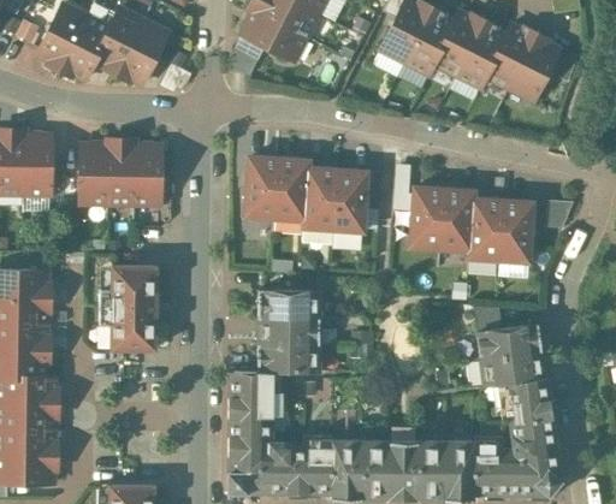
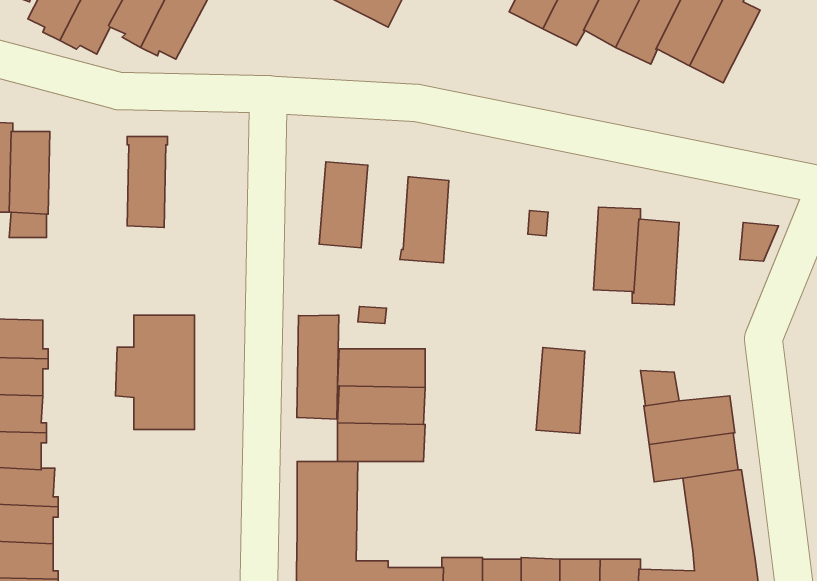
building: [79,146,108,203] -> none
building: [134,146,161,204] -> none
building: [274,160,309,220] -> none
building: [333,171,367,232] -> none
building: [409,188,444,249] -> [536,348,585,433]
building: [498,201,533,262] -> none
building: none -> [297,315,339,419]

